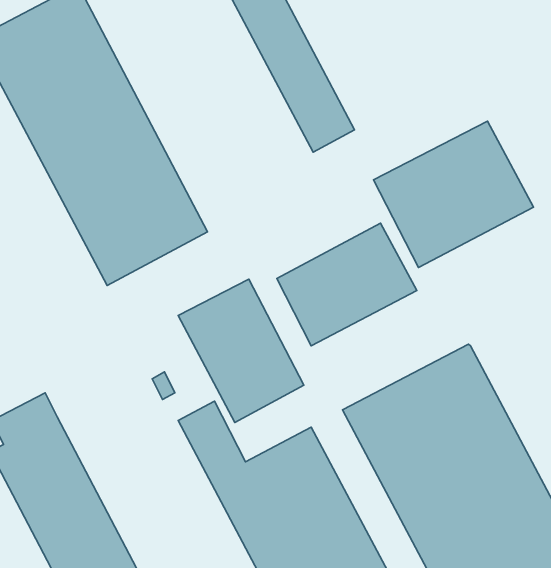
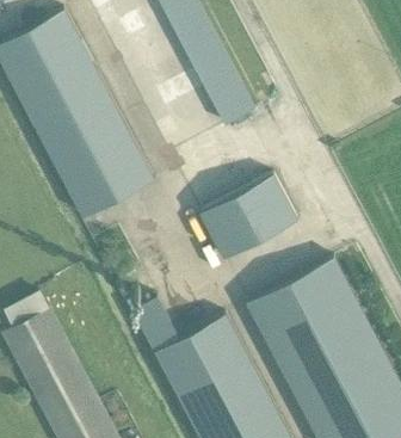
building: [373,121,533,268] -> none
building: [178,279,304,422] -> none

